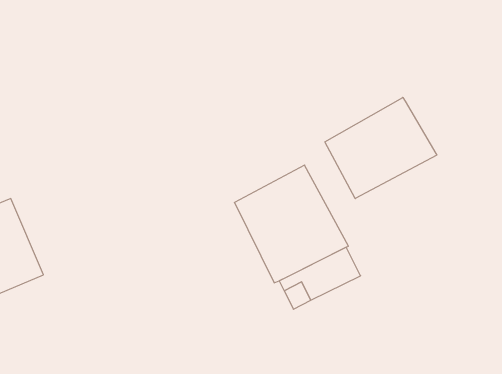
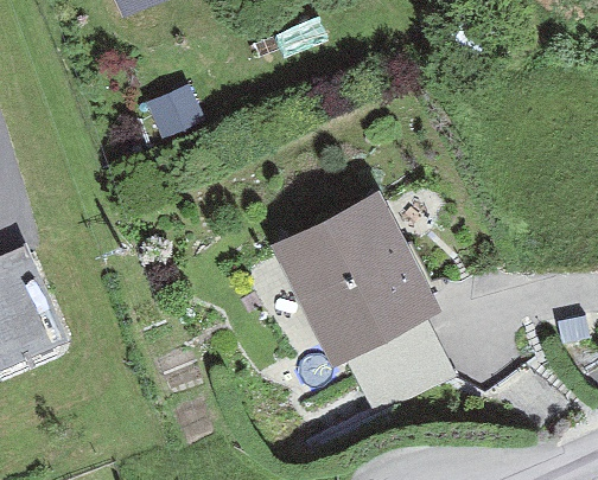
building: [325,97,437,199] -> none

